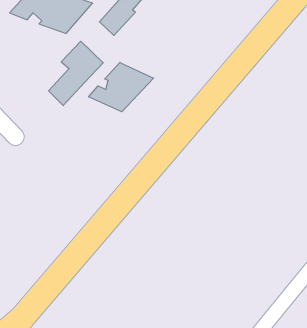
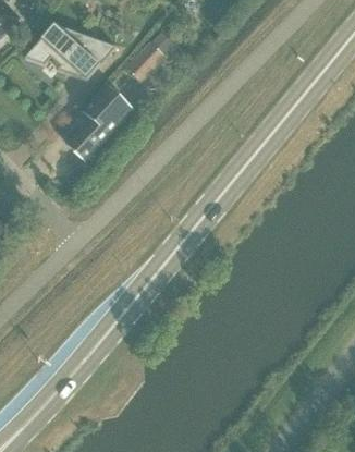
building: [89,62,154,112] -> none

